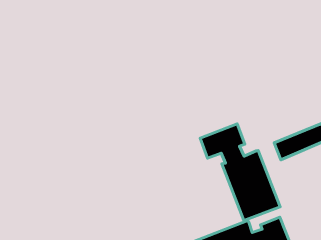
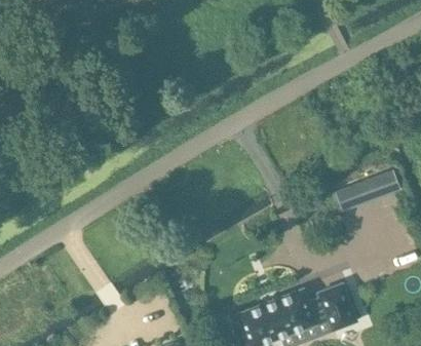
building: [200,124,280,220] -> none

